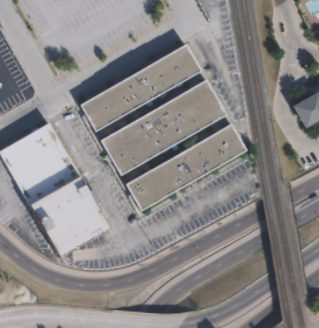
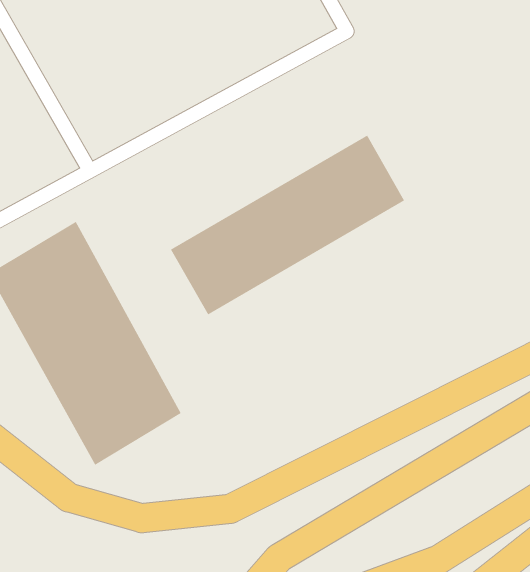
building: [80,44,200,131] -> none
building: [125,123,246,210] -> none

